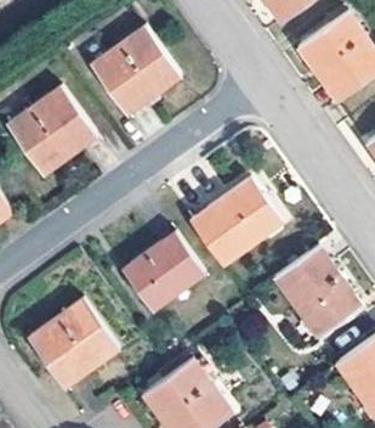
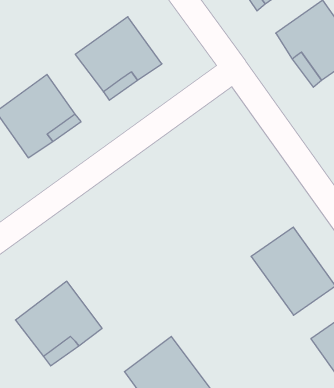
building: [192,179,282,266] -> none
building: [124,235,205,314] -> none

